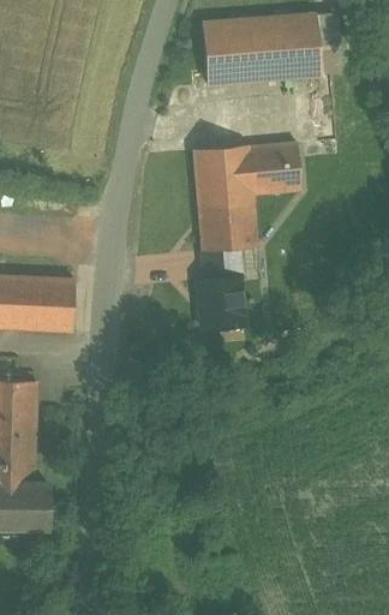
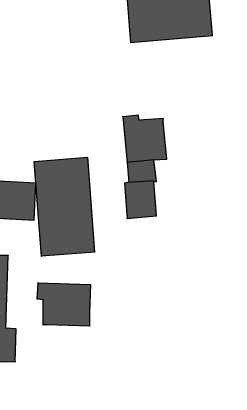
building: [195,142,301,195] -> none
building: none -> [34,157,95,256]
building: none -> [37,283,91,326]

